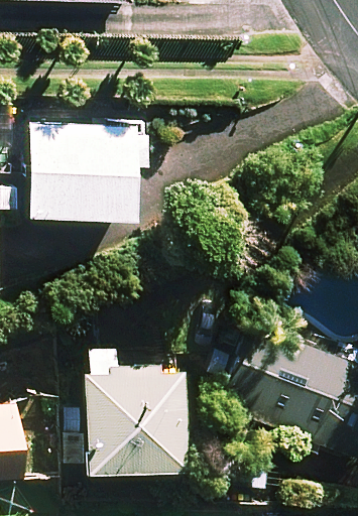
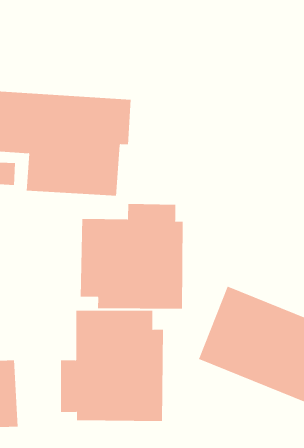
building: none -> [80,203,183,310]

